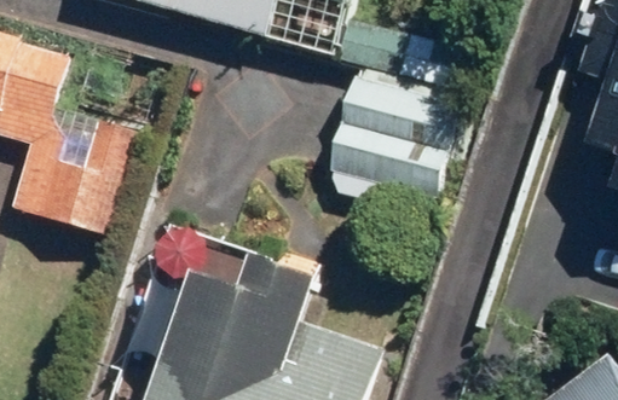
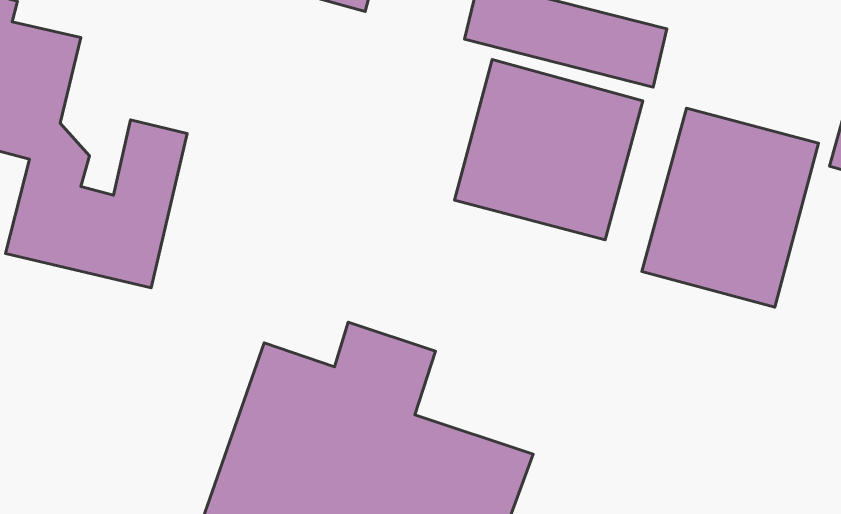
building: none -> [642,108,818,307]

